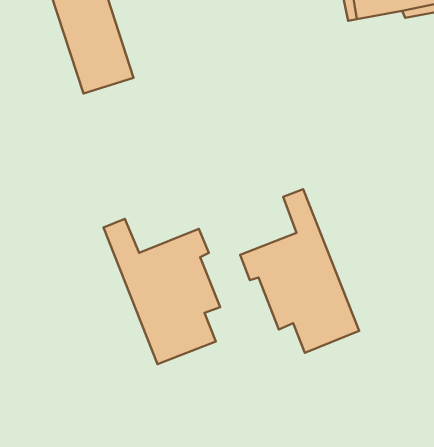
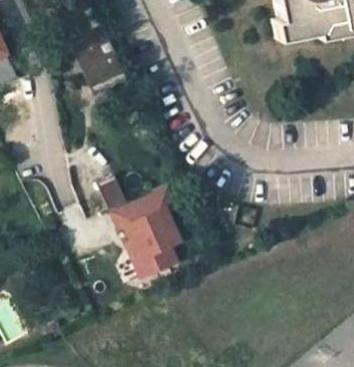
building: [240,189,359,353] -> none

